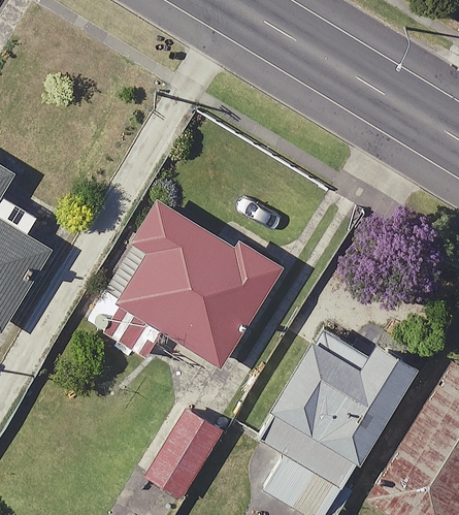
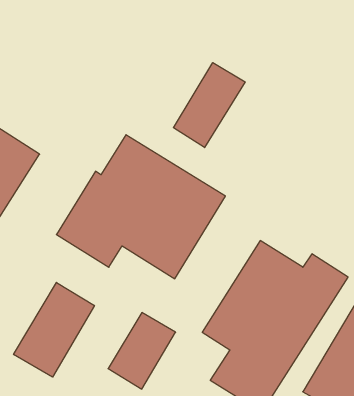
building: none -> [173,63,245,148]
building: none -> [14,282,94,377]

